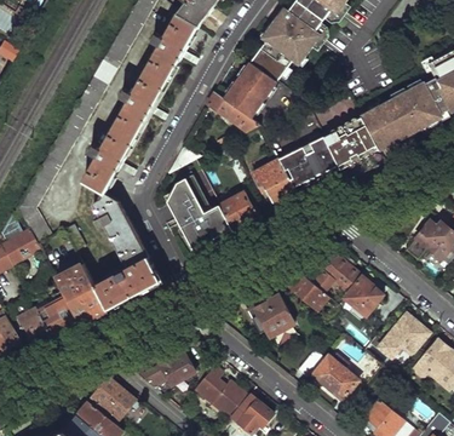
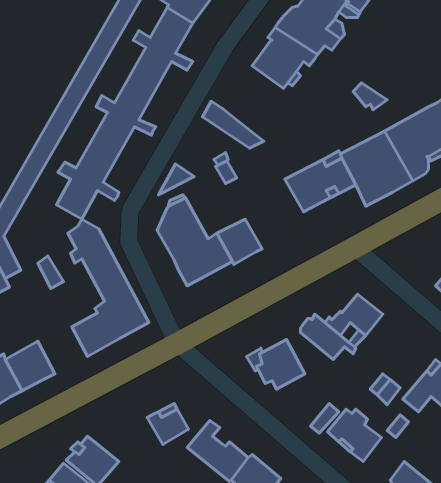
building: [224,61,276,116] -> none
building: [253,160,298,203] -> none
building: [57,263,109,323] -> none
building: [345,275,384,314] -> none
building: [136,357,174,392] -> none

